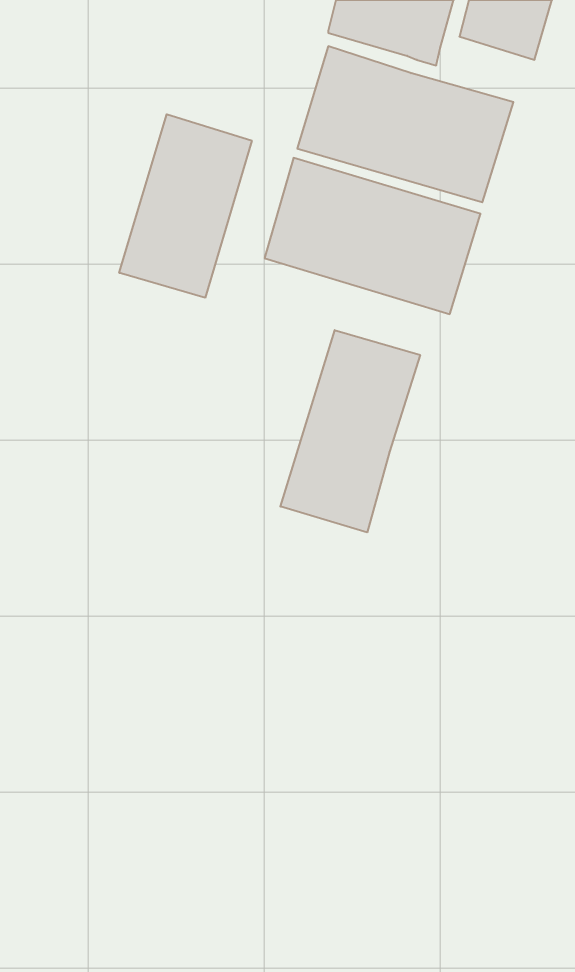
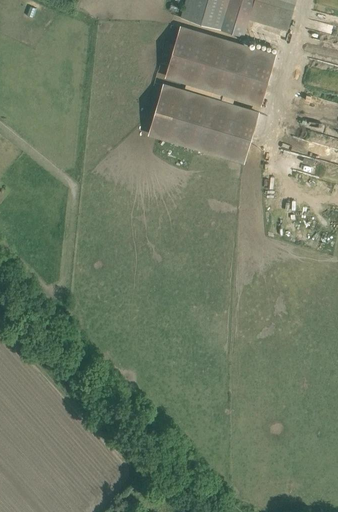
building: [119,114,252,298] -> none
building: [280,330,420,532] -> none

